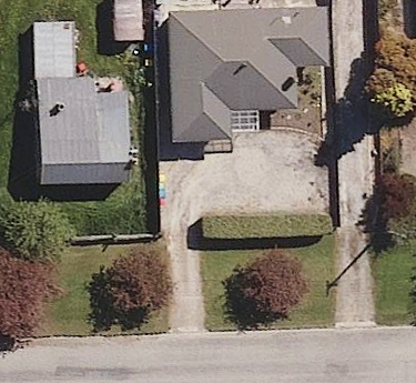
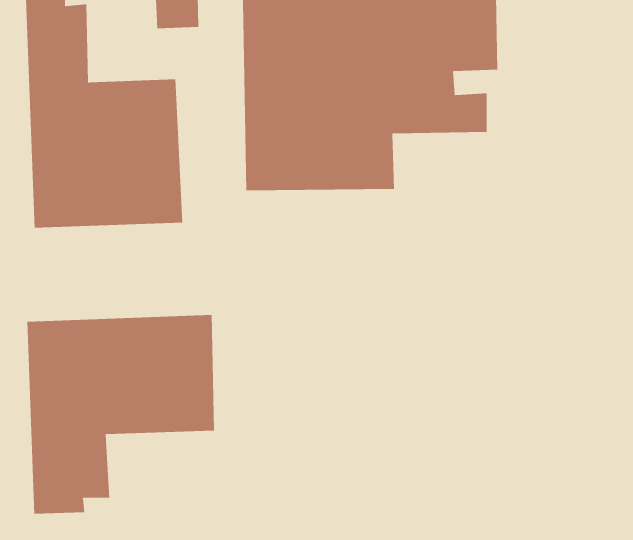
building: none -> [27,314,214,515]

